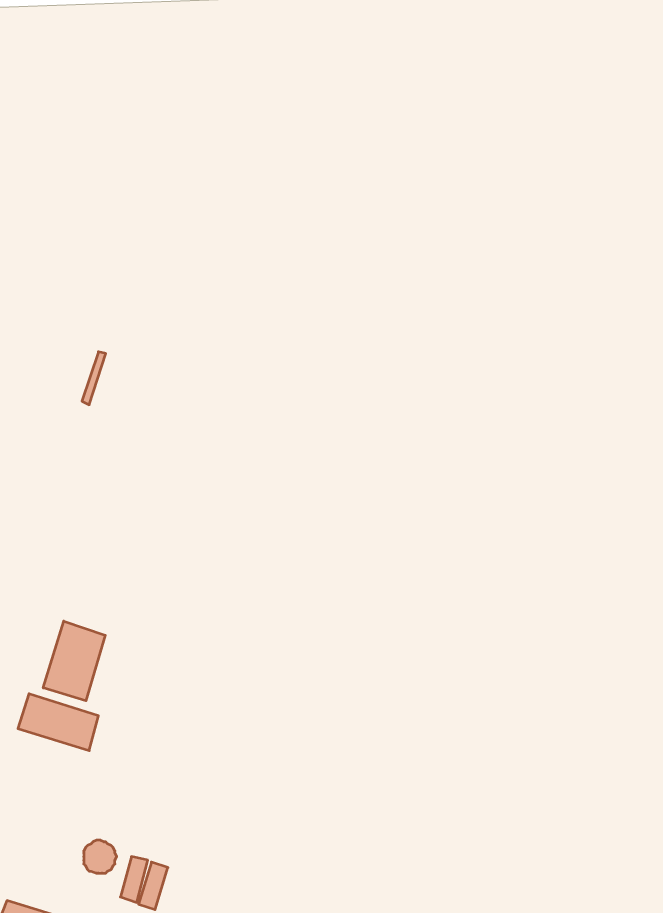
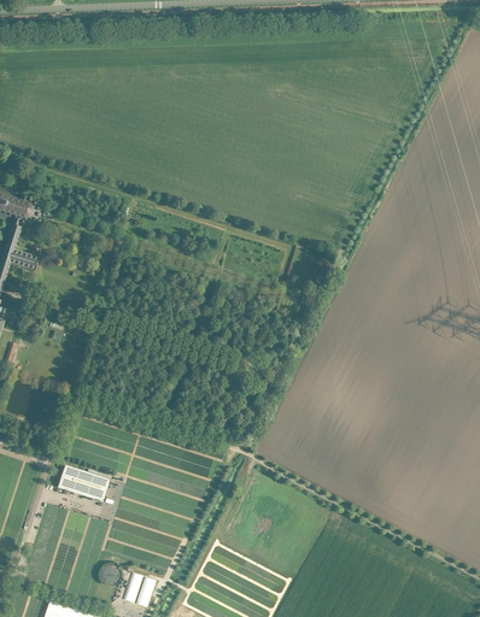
building: [43,621,105,701] -> none

